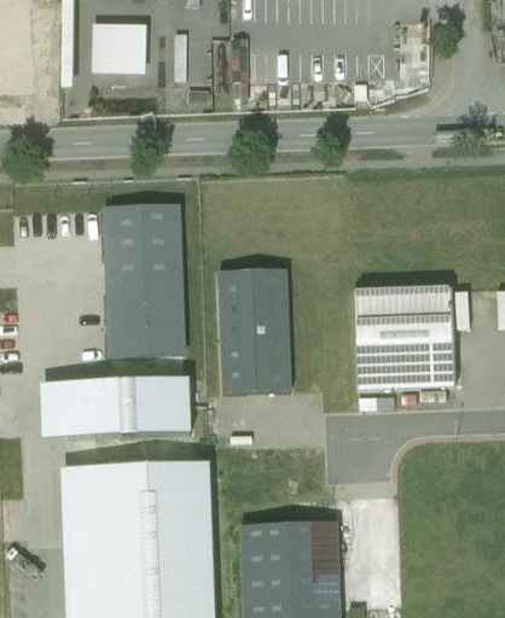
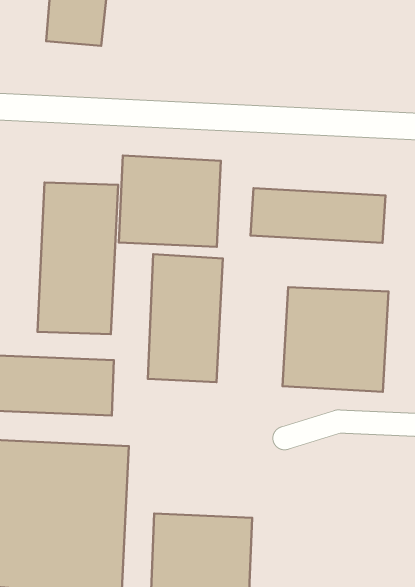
building: none -> [119,155,221,247]
building: none -> [251,188,386,243]

